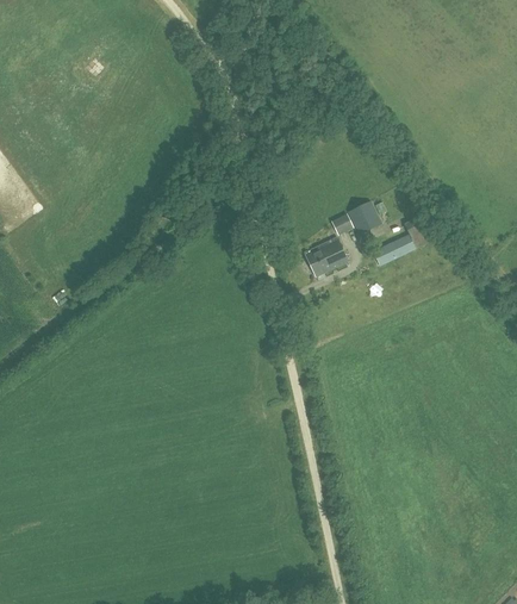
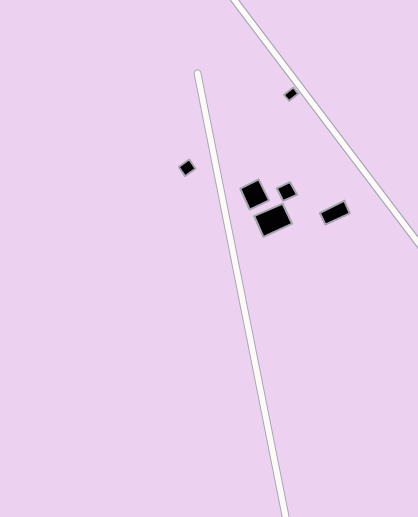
building: [349,199,382,233] -> [240,180,269,209]

